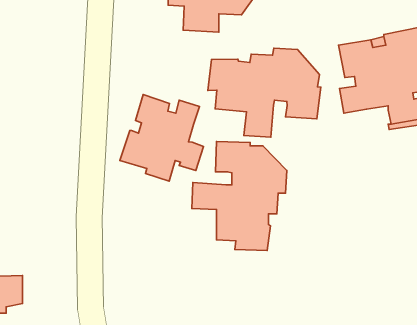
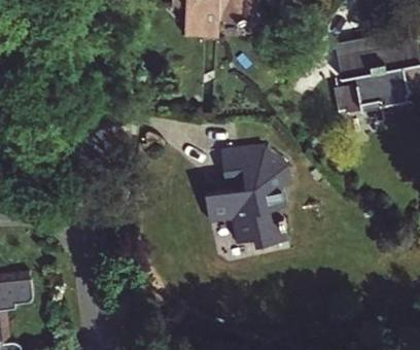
building: [208,48,321,137] -> none
building: [120,94,204,181] -> none

